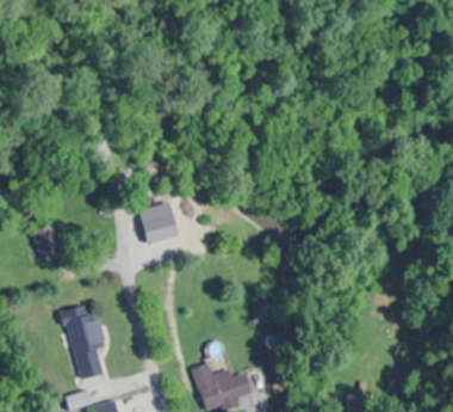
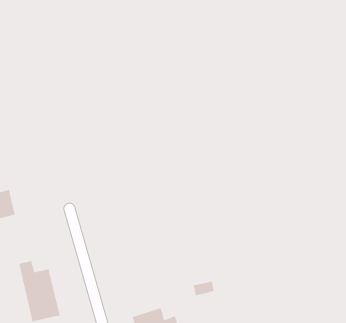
building: [139,213,178,241] -> none

